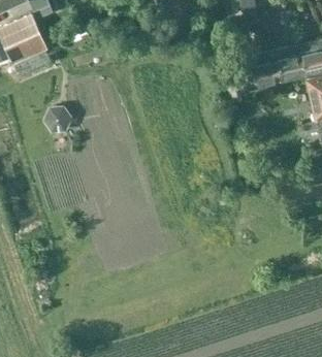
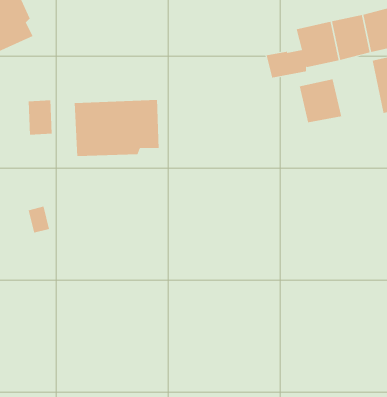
building: none -> [299,78,342,123]
building: none -> [74,99,159,157]

